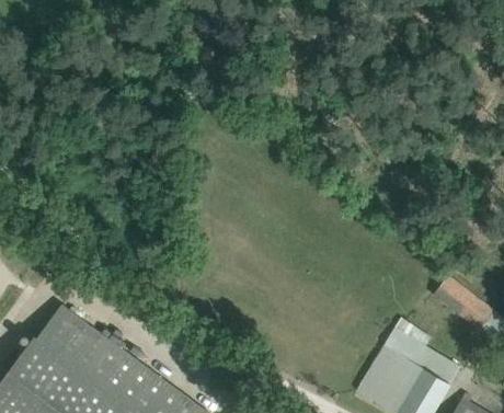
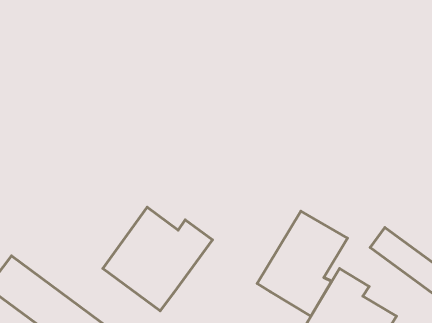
building: none -> [103,207,213,311]
building: none -> [257,211,348,316]

